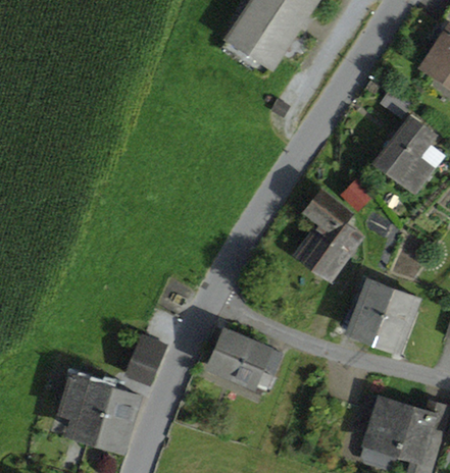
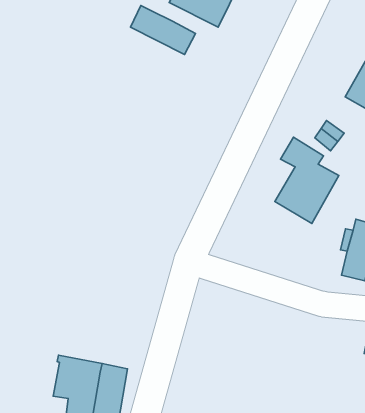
building: none -> [131,5,195,54]
building: [210,330,279,396] -> none
building: [129,338,165,384] -> none

